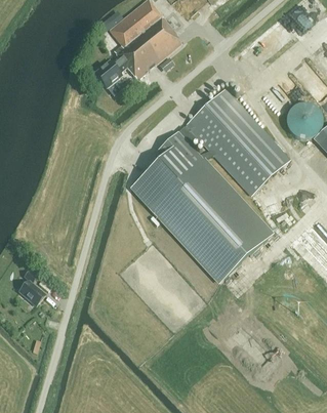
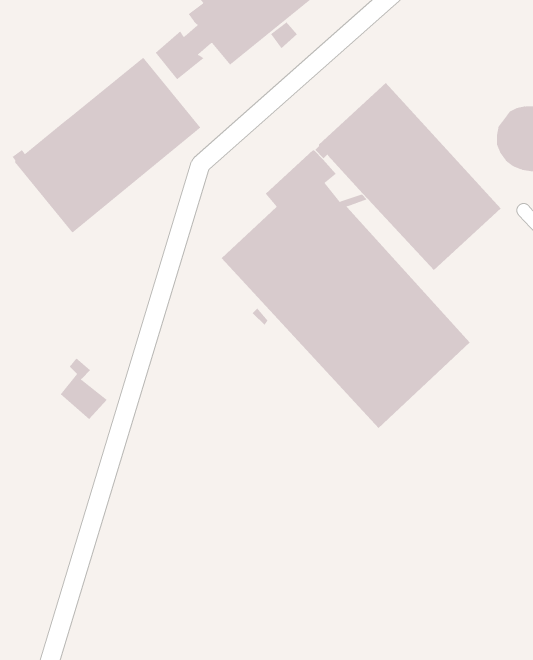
building: none -> [12,57,201,233]
building: [18,270,45,304] -> [60,357,107,420]

